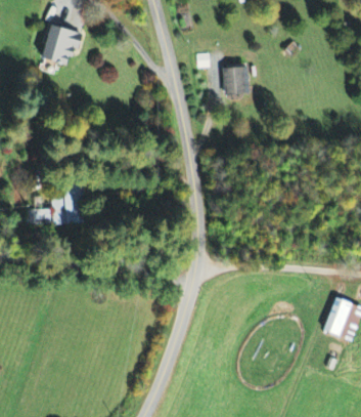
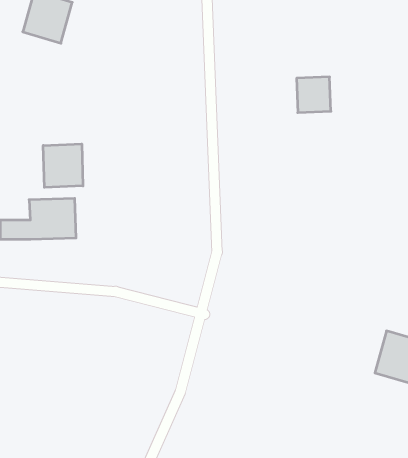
building: [222,67,250,95] -> [297,77,331,113]
building: none -> [43,144,83,187]

